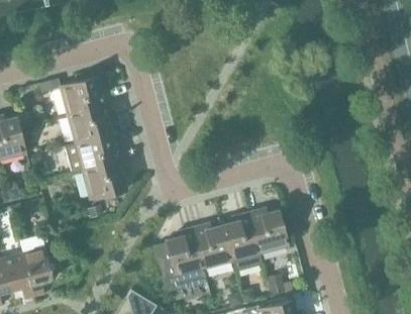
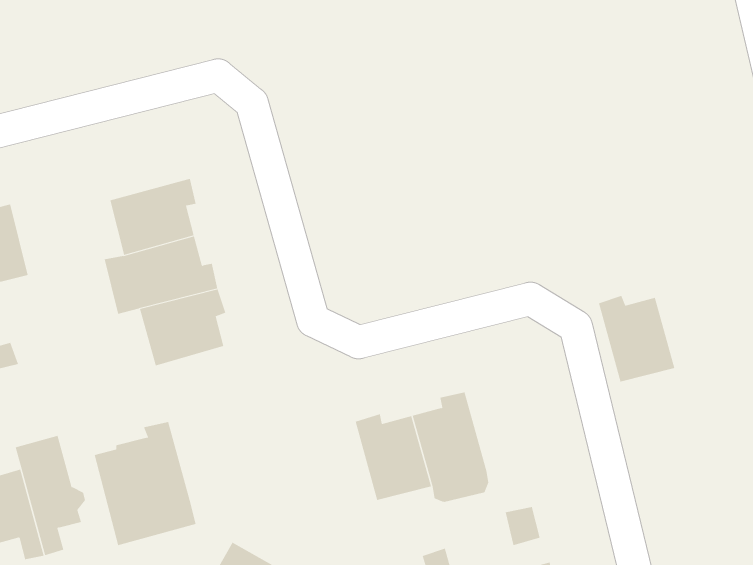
building: [59,77,108,115] -> none
building: [248,209,288,253] -> [598,295,675,382]
building: [153,228,206,292] -> [94,421,196,546]

